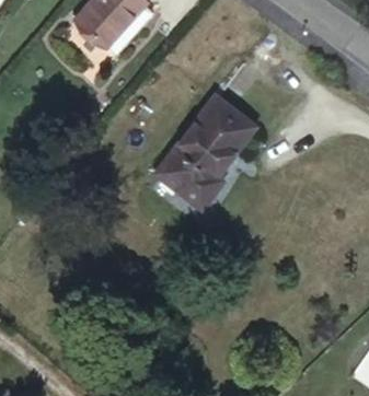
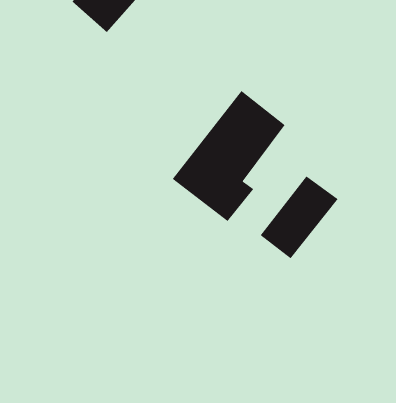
building: none -> [260,176,339,259]

